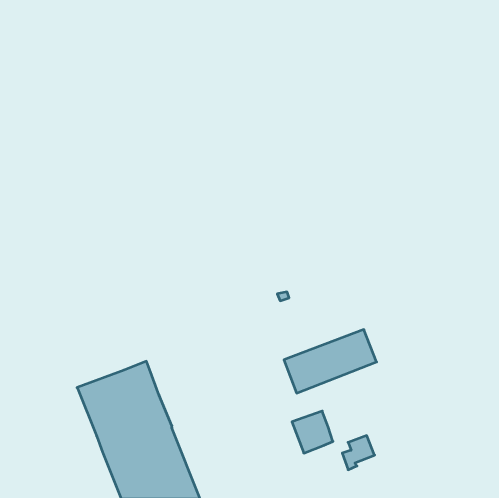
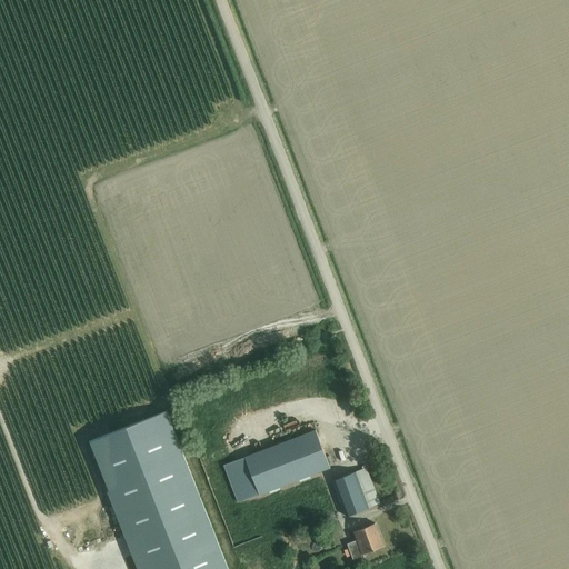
building: [284,330,377,393] -> [224,431,330,503]
building: [342,436,375,470] -> [348,525,385,563]

